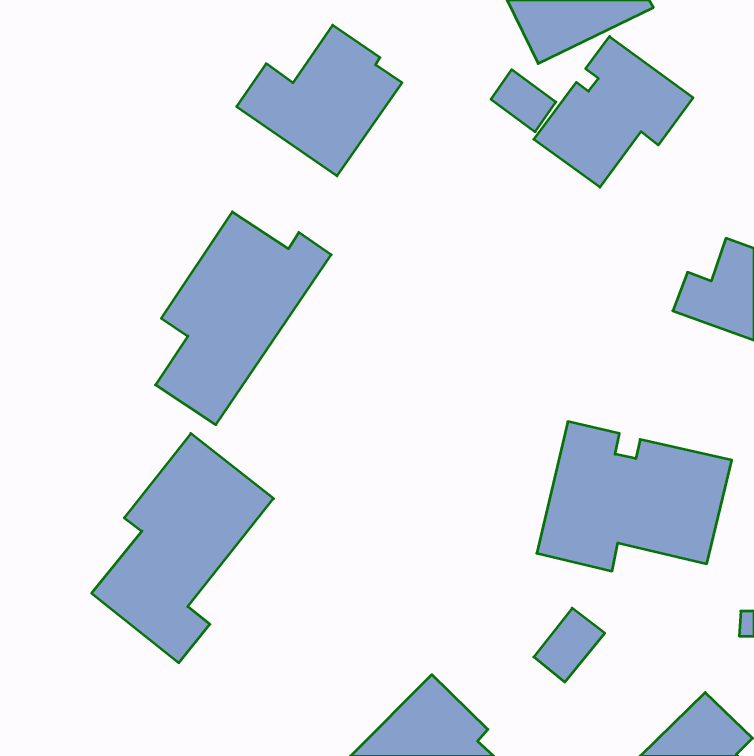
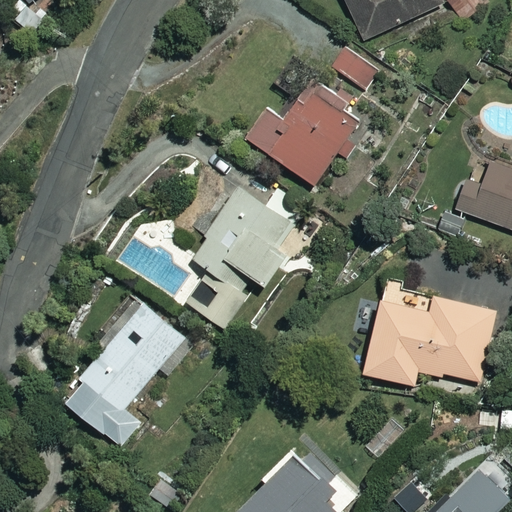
building: [237,25,402,176] -> [246,84,358,186]
building: [534,36,693,187] -> none
building: [155,212,331,425] -> [186,187,305,331]

